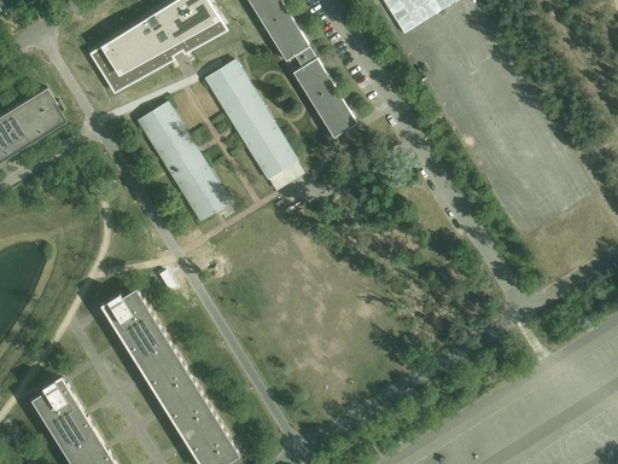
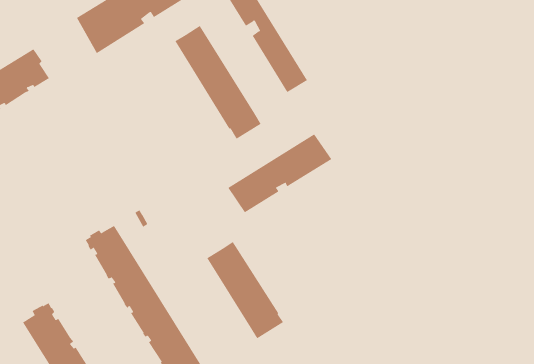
building: [136,103,228,221] -> none
building: none -> [228,133,332,213]
building: none -> [206,241,284,339]

